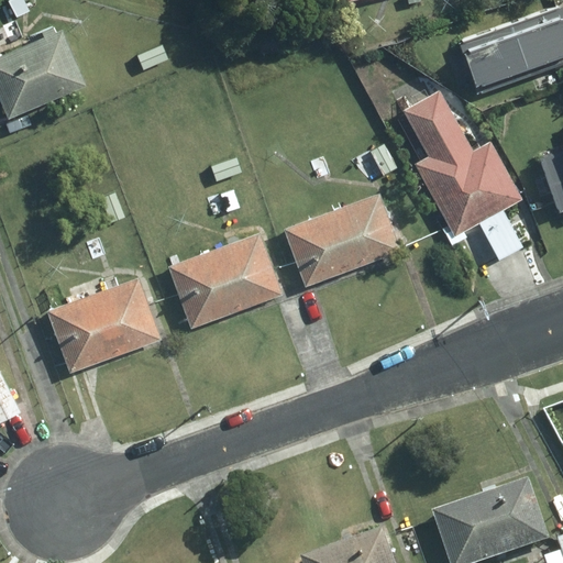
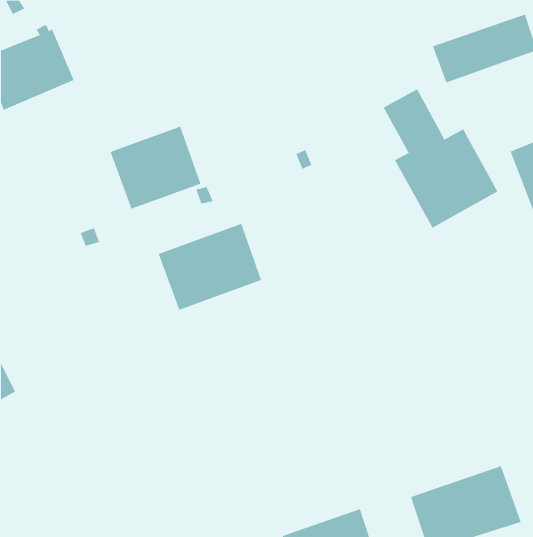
building: none -> [110,126,201,209]
building: [286,196,418,284] -> none
building: [48,280,158,371] -> none

